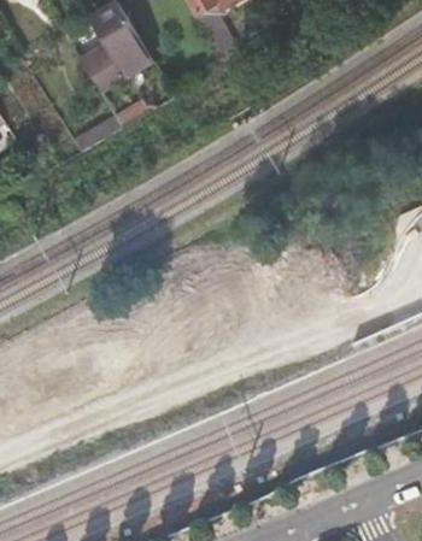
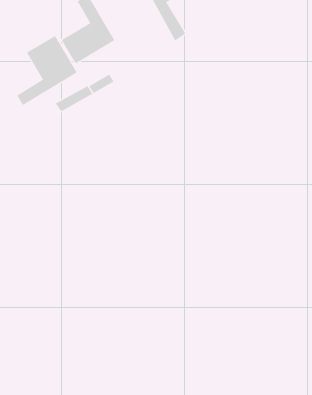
building: none -> [16,35,77,106]

